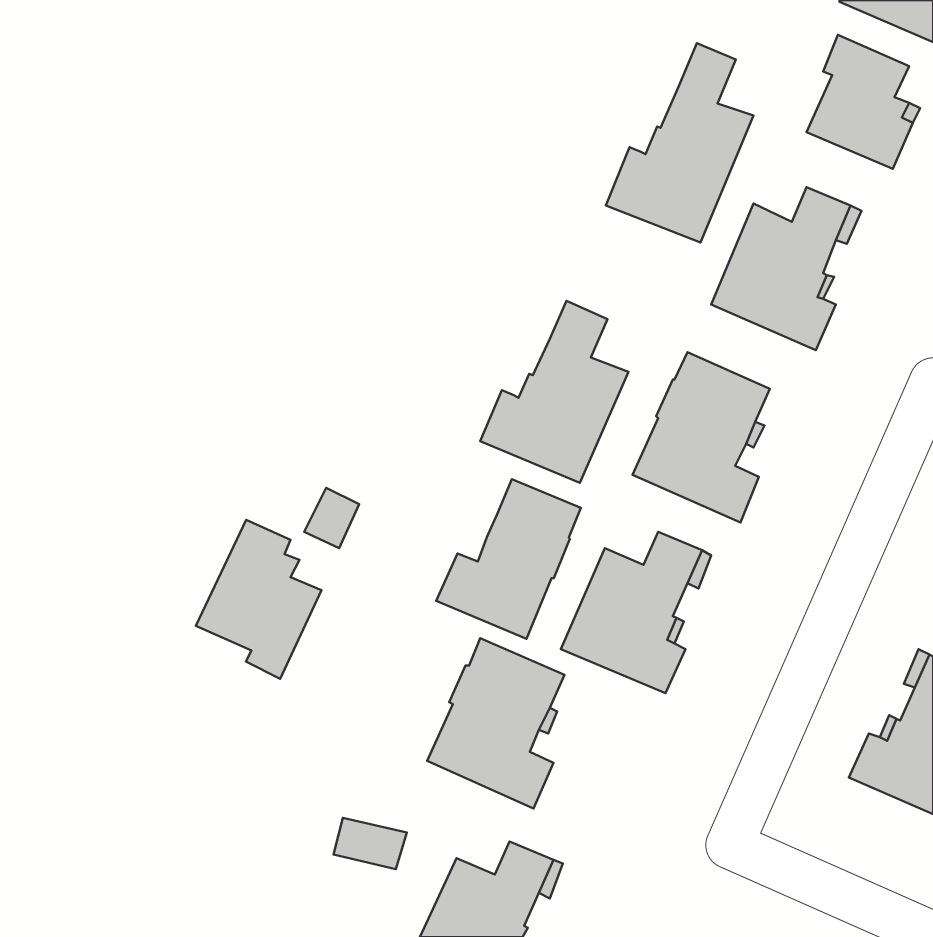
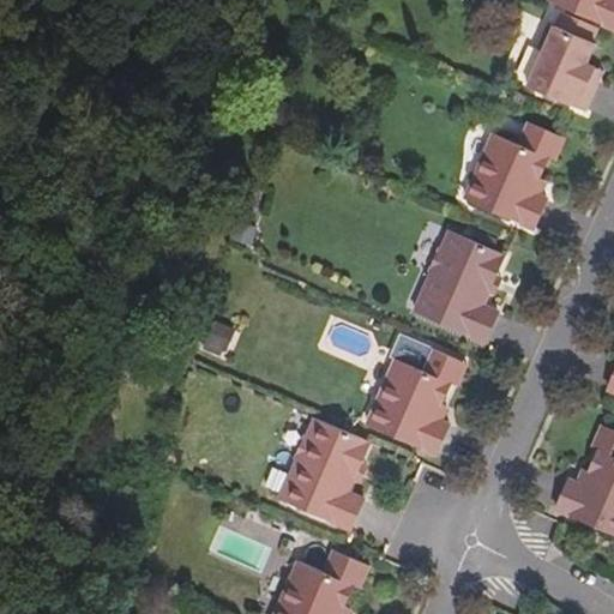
building: [606,43,753,242] -> none
building: [480,301,629,483] -> none
building: [436,479,581,639] -> none
building: [196,520,321,679] -> none

